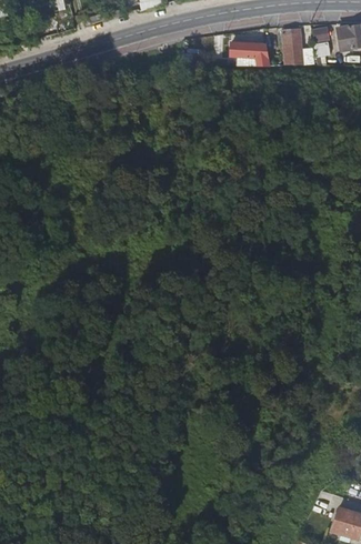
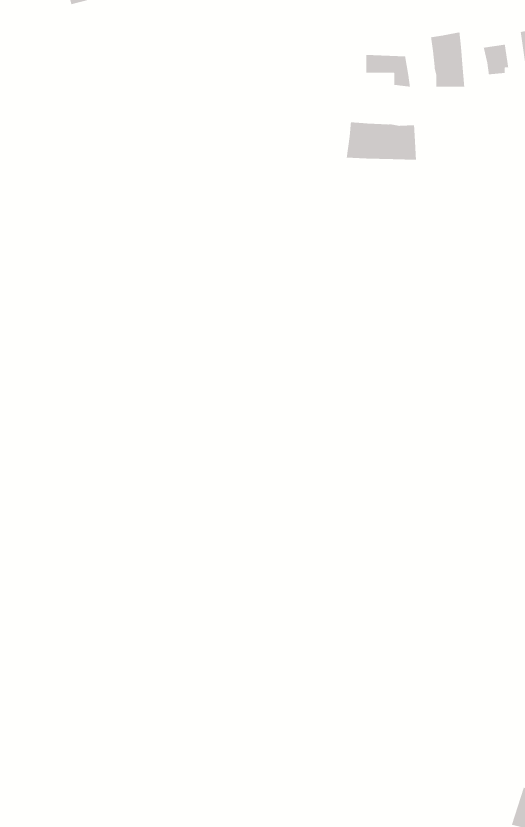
building: none -> [346,122,417,160]

